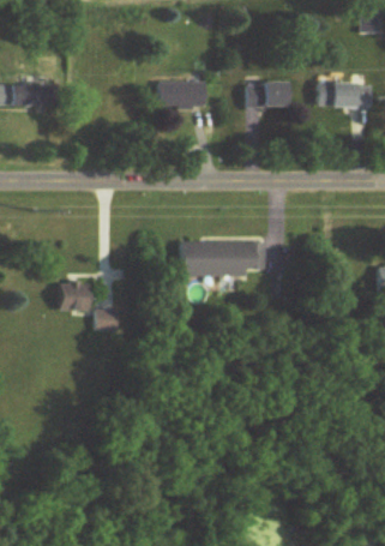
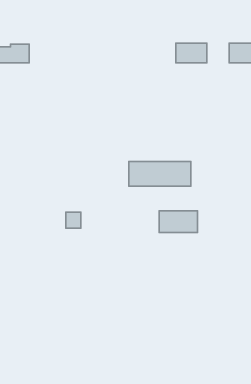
building: [160,82,206,108] -> none
building: [60,284,89,310] -> none
building: none -> [159,211,198,232]

